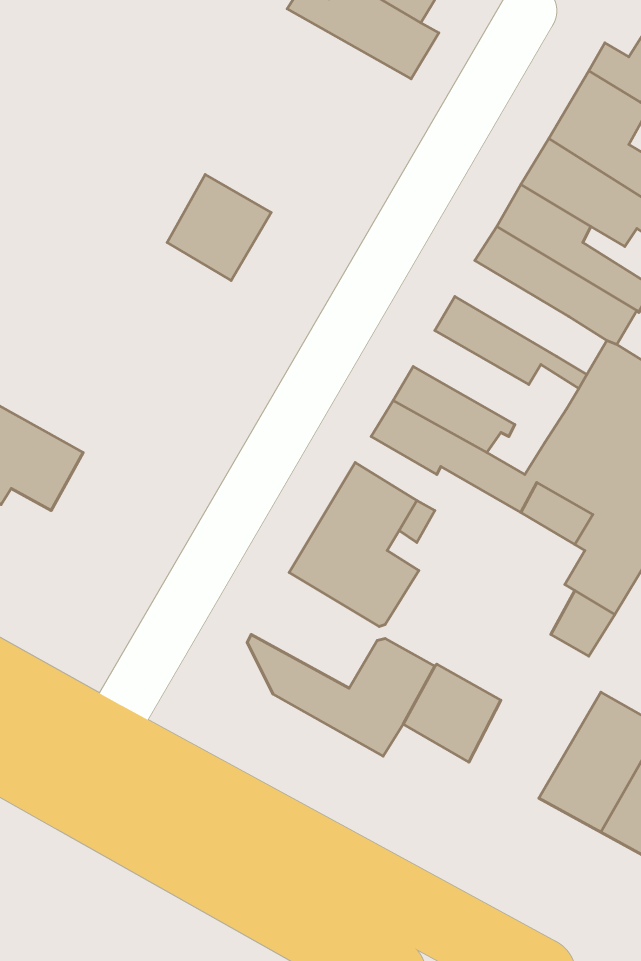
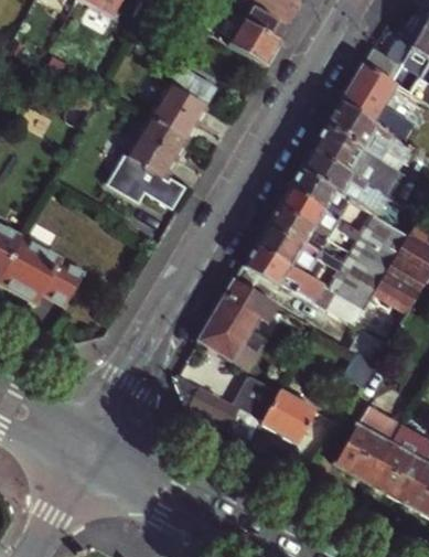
building: none -> [151,66,219,141]
building: none -> [115,158,190,210]
building: none -> [289,168,352,221]
building: none -> [266,206,351,268]

